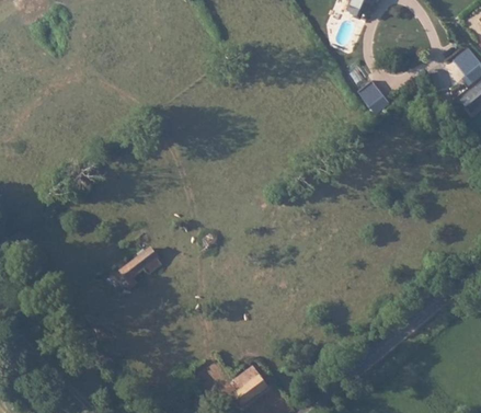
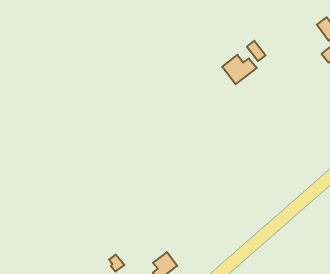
building: none -> [222,55,257,84]
building: [119,248,160,284] -> none

